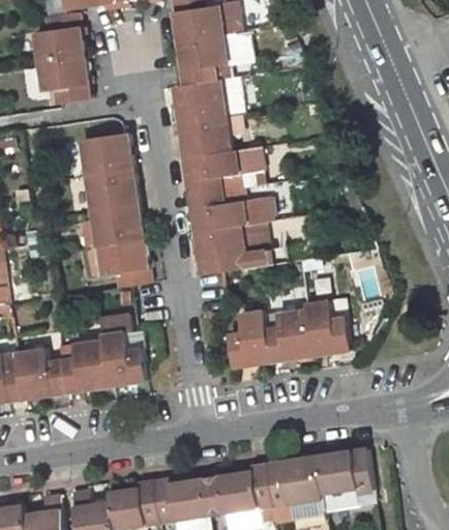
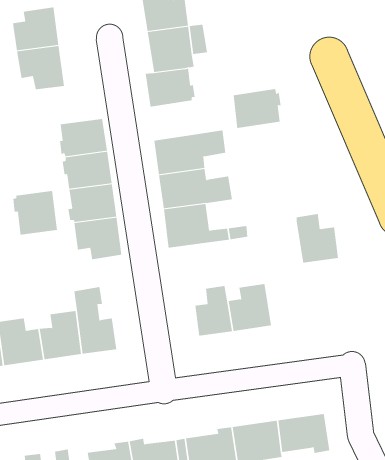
building: [179,112,232,155] -> [233,89,281,129]
building: none -> [13,190,57,235]
building: [304,302,351,356] -> [296,213,339,263]

